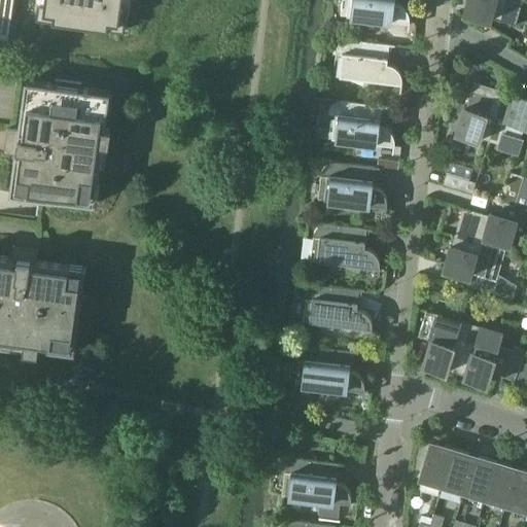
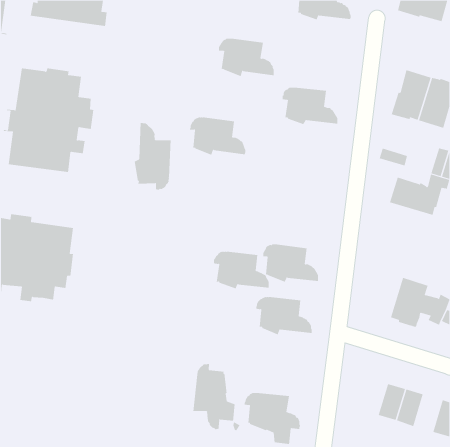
building: [337,43,402,89] -> [218,38,275,77]
building: none -> [134,122,171,190]
building: [321,166,388,211] -> [189,117,246,156]
building: [314,227,380,272] -> [213,251,270,289]
building: [444,240,516,302] -> none
building: [420,313,470,375] -> none
building: none -> [193,363,235,430]
building: [419,445,453,489] -> none
building: [484,464,517,508] -> none

